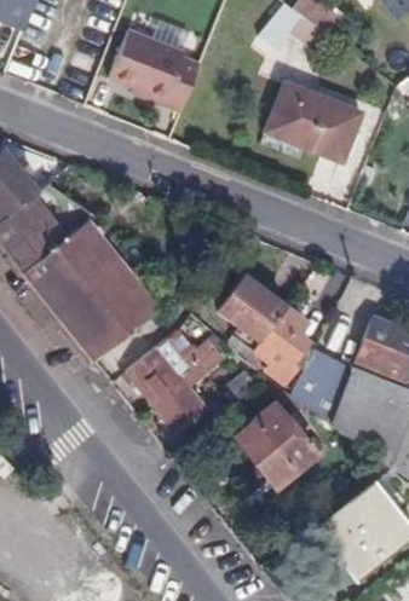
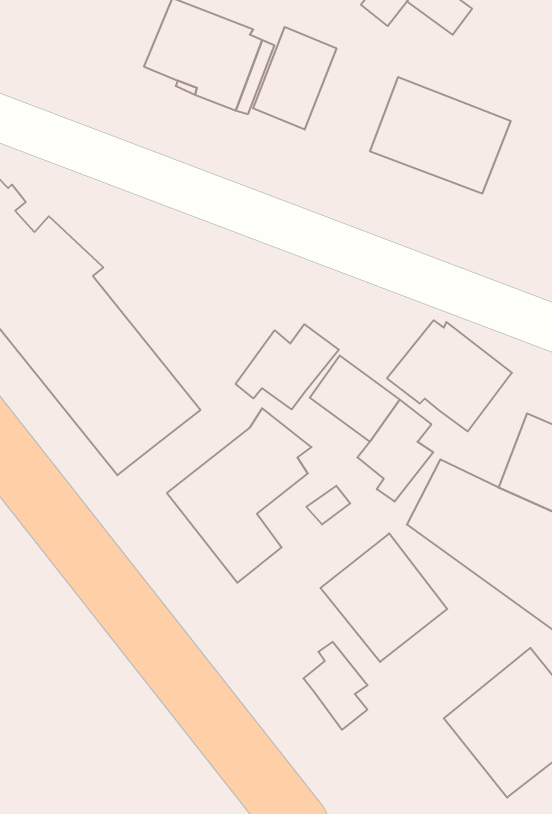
building: none -> [253,27,336,130]
building: none -> [387,320,512,431]
building: none -> [236,324,339,409]
building: none -> [303,642,368,730]

